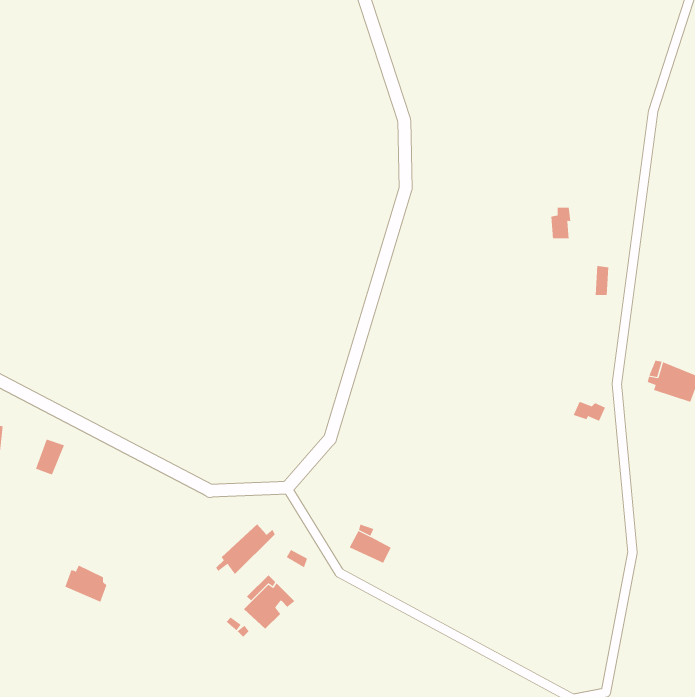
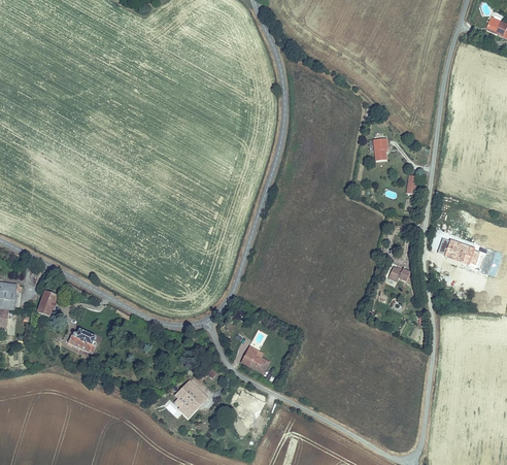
building: [216,524,275,575] -> none
building: [64,565,107,603] -> [70,327,98,352]

